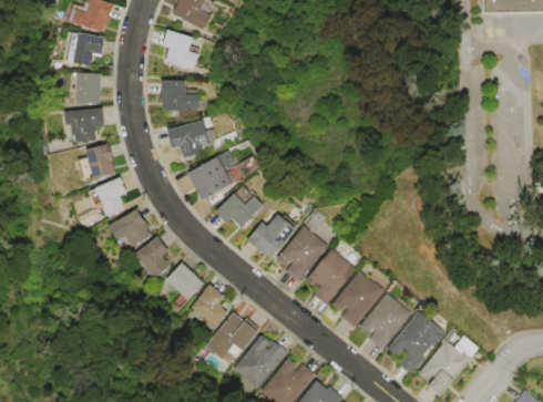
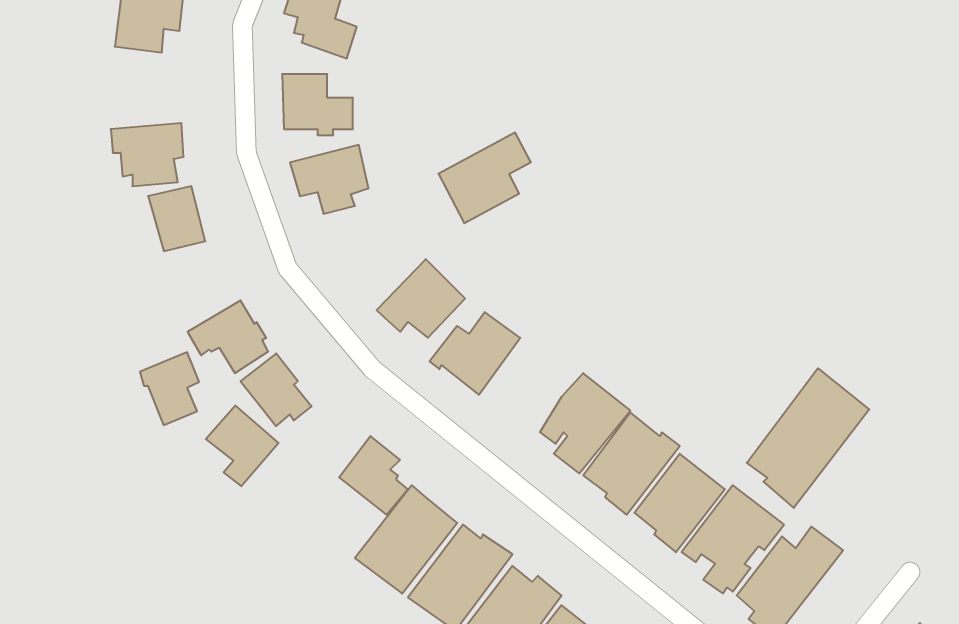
building: [75,72,101,104] -> none
building: [185,148,237,199] -> [438,133,531,223]
building: [93,176,126,217] -> [140,352,199,425]
building: [275,225,328,281] -> none
building: none -> [747,368,869,508]
building: [165,261,206,307] -> [206,406,279,486]

